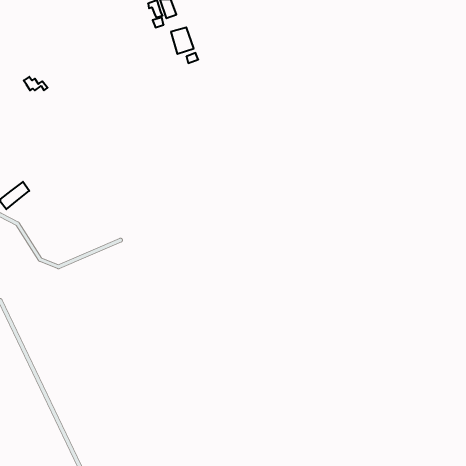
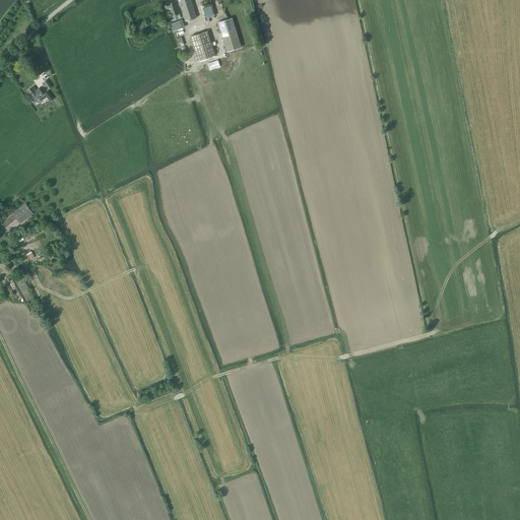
building: none -> [218,16,243,51]

